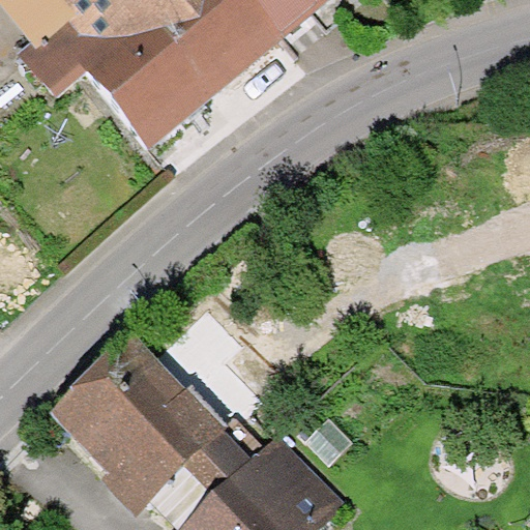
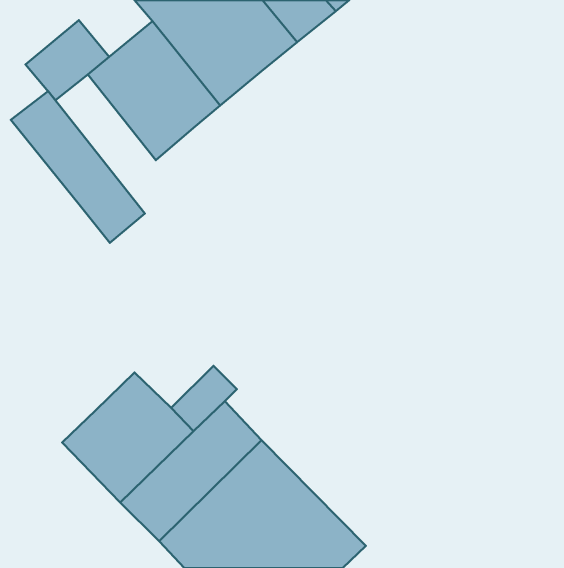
building: none -> [11,91,145,243]

